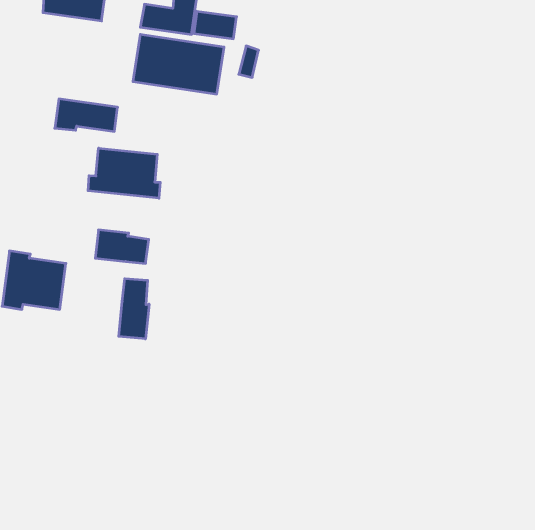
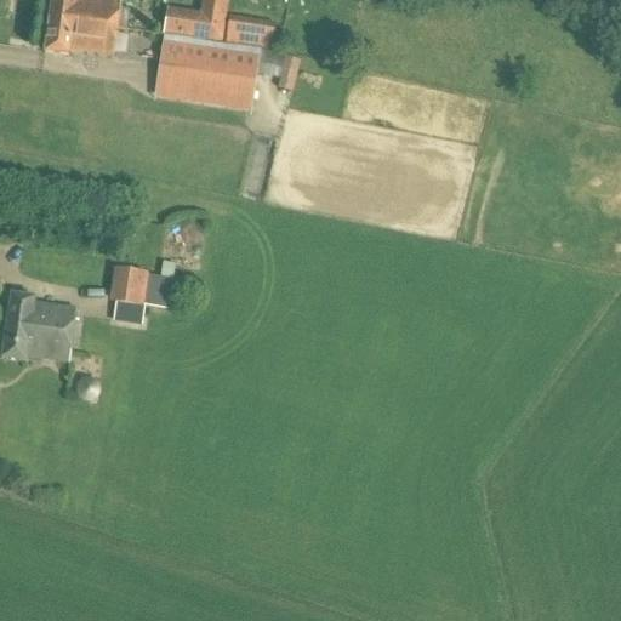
building: [55,99,118,131] -> [45,15,118,52]
building: [88,148,160,198] -> none
building: [119,279,149,339] -> none

